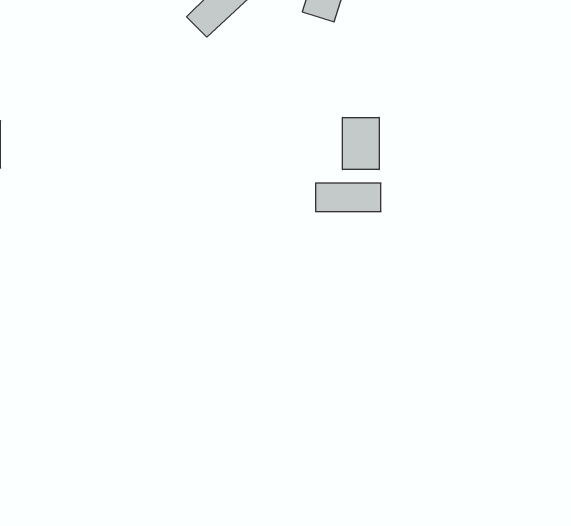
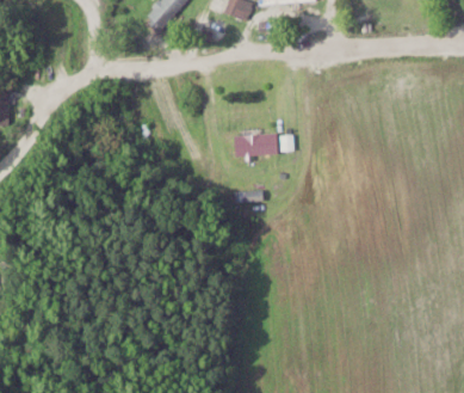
building: [343,117,379,170] -> none

